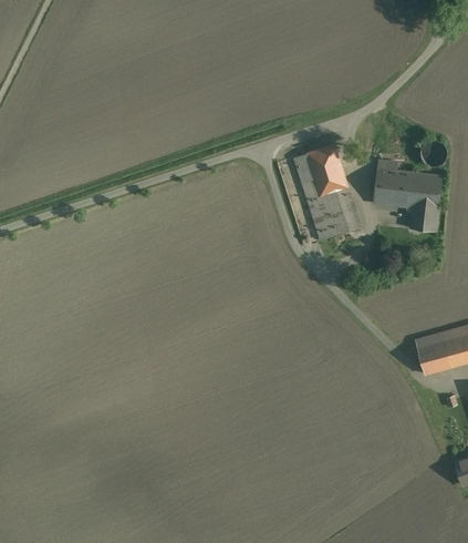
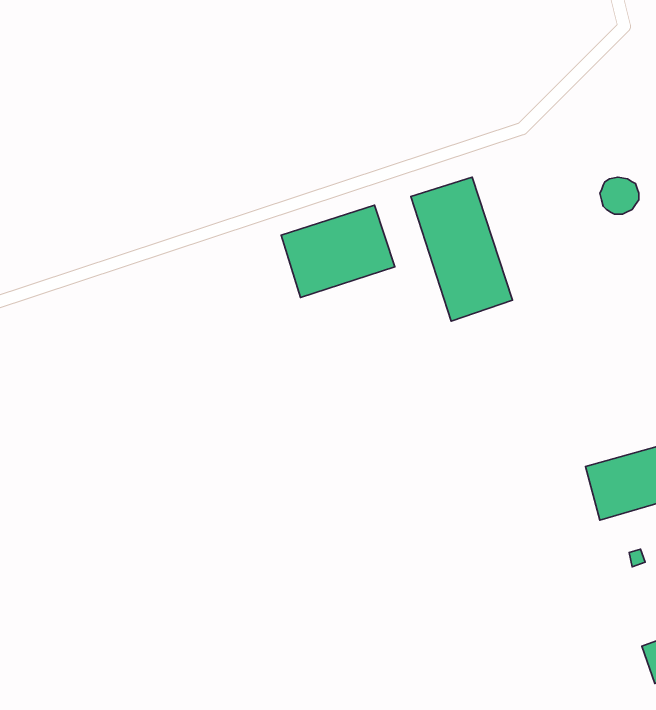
building: [375,157,444,234] -> none
building: none -> [281,205,395,297]

